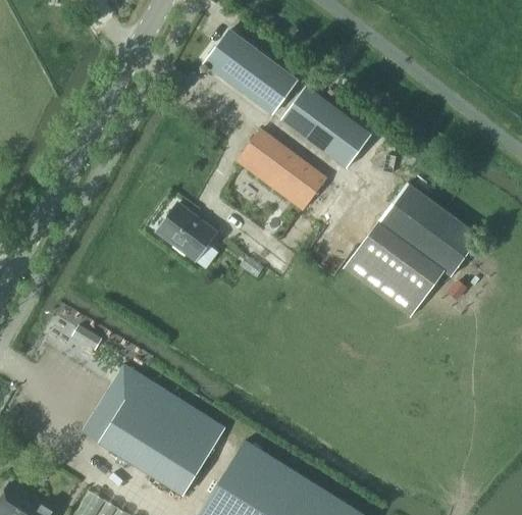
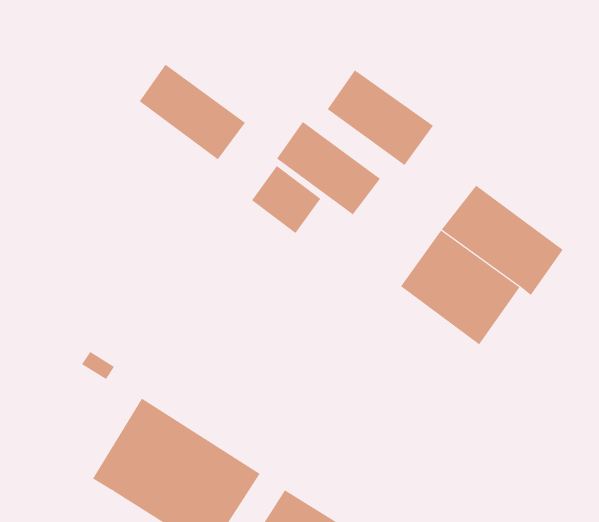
building: [206,32,297,113] -> [139,64,246,160]
building: [158,203,217,261] -> [251,165,321,234]

